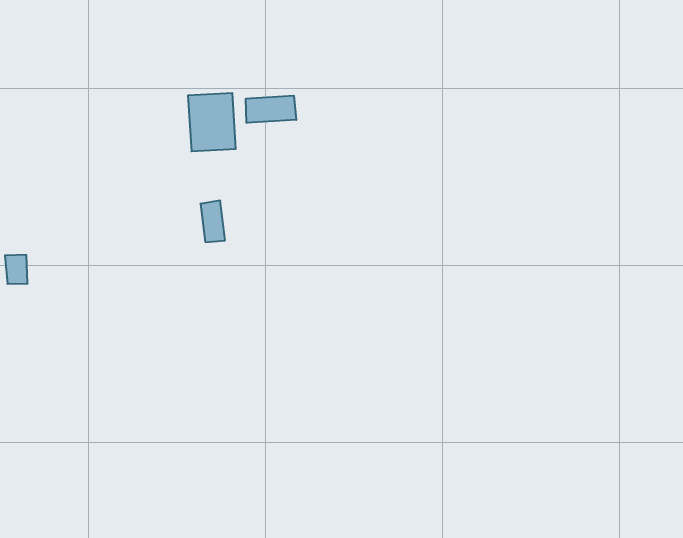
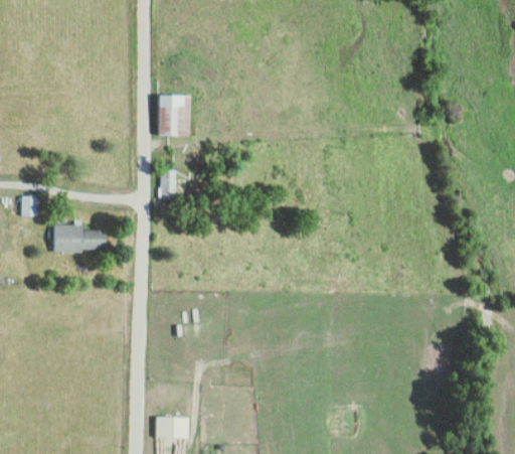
building: [246,96,296,123] -> none
building: none -> [54,223,106,251]

